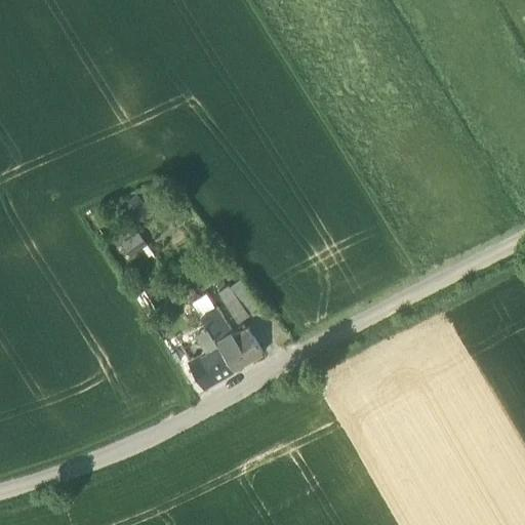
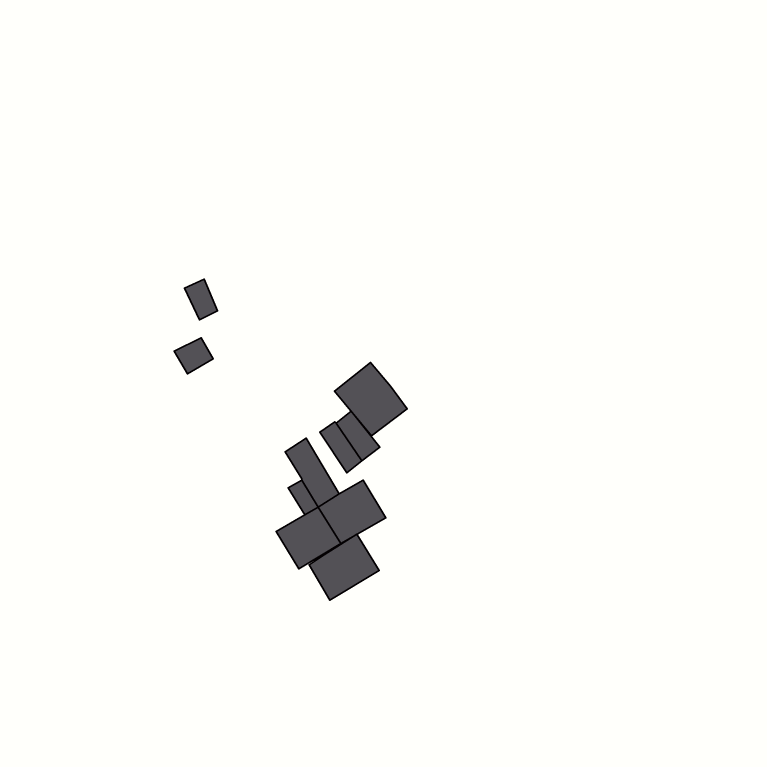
building: none -> [334,362,407,436]
building: none -> [309,534,379,600]

